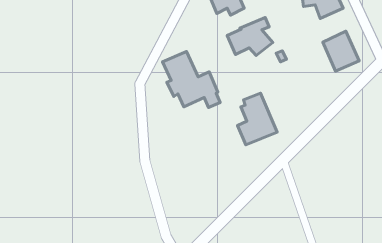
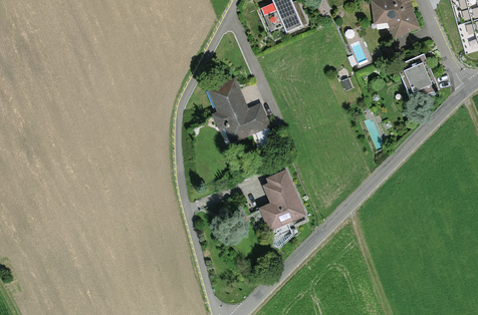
building: [227,18,273,55] -> none
building: [237,93,277,145] -> [258,170,305,231]

